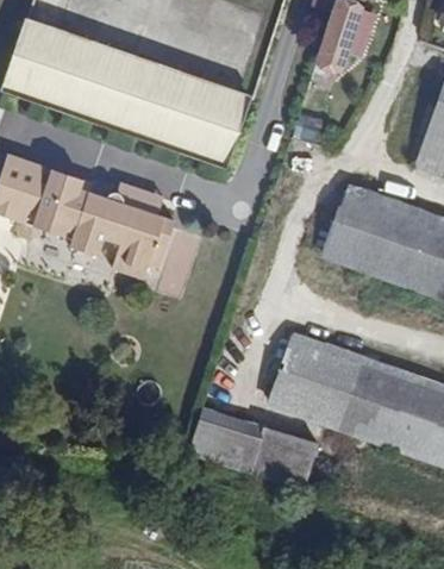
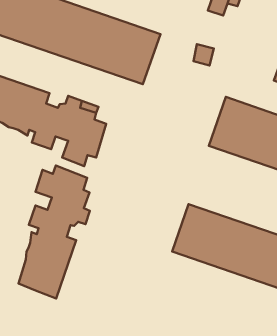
building: none -> [19,166,90,298]
building: [186,406,315,484] -> none

